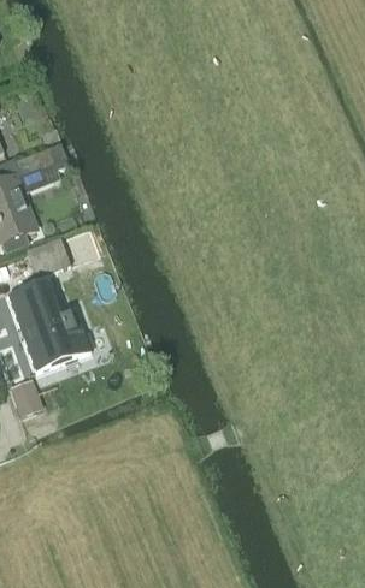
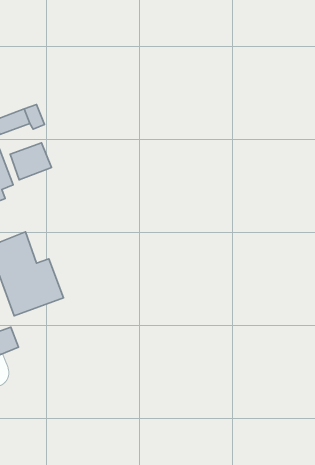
building: [27,237,71,277] -> [10,143,52,180]

